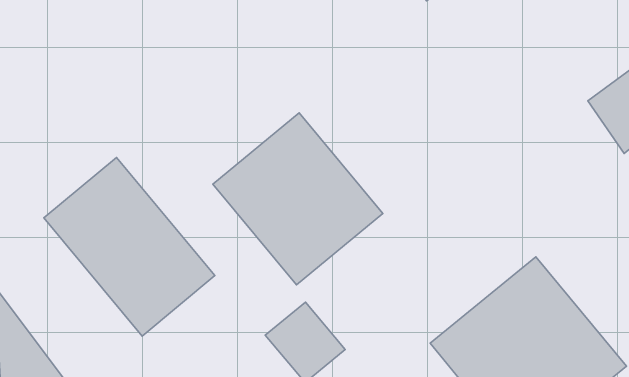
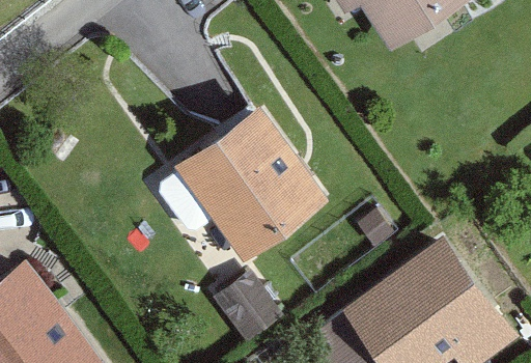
building: [44,157,215,336] -> none

